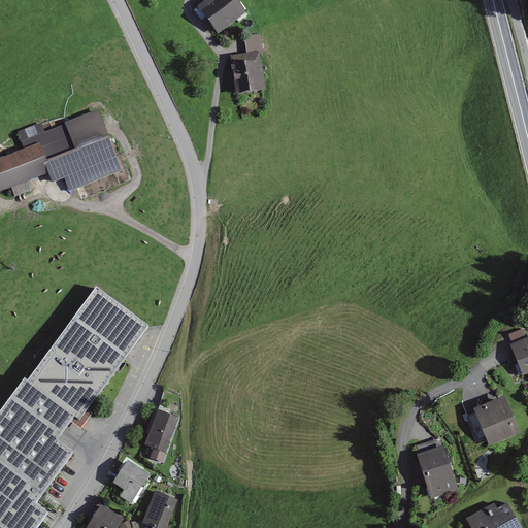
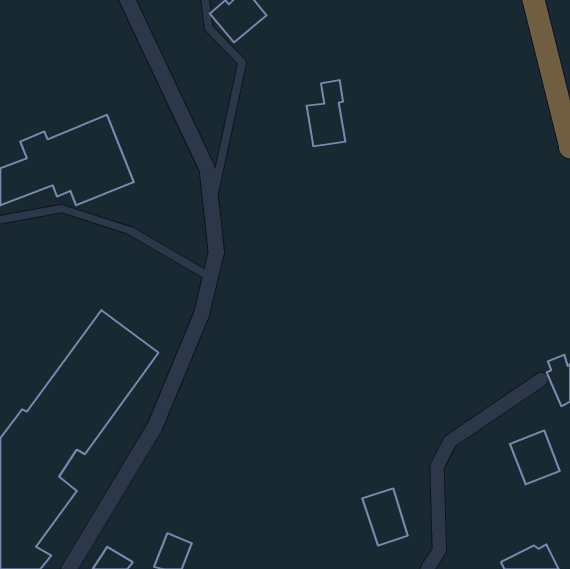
building: [230,35,266,96] -> [306,80,345,146]
building: [144,411,176,463] -> none
building: [415,448,457,500] -> [362,489,408,545]
building: [109,460,151,505] -> none

